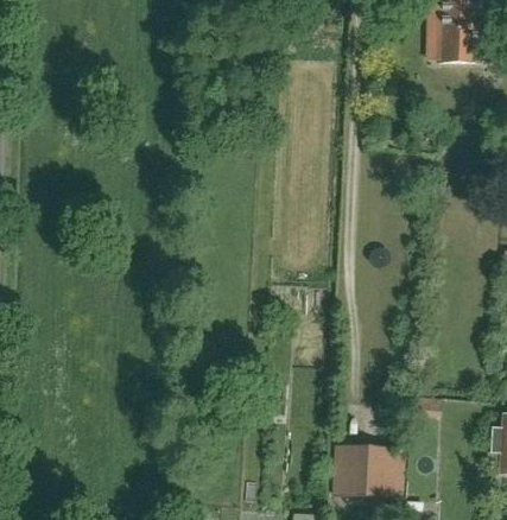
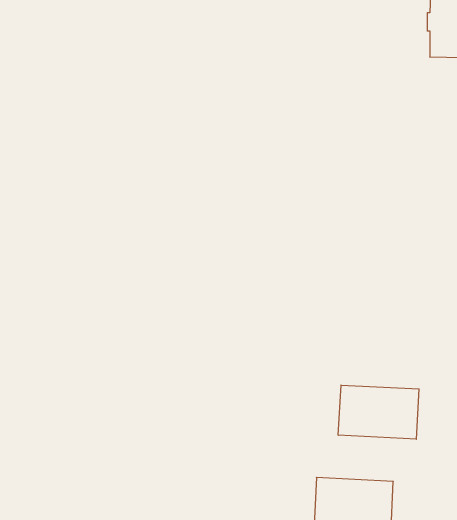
building: none -> [338,385,419,439]

